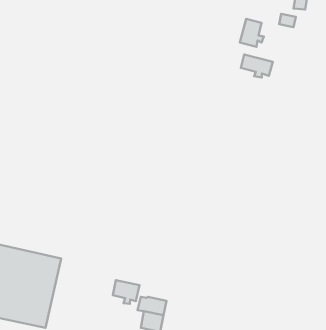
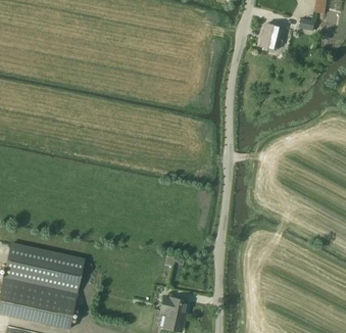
building: [241,54,273,78] -> none
building: [113,280,140,304] -> none

